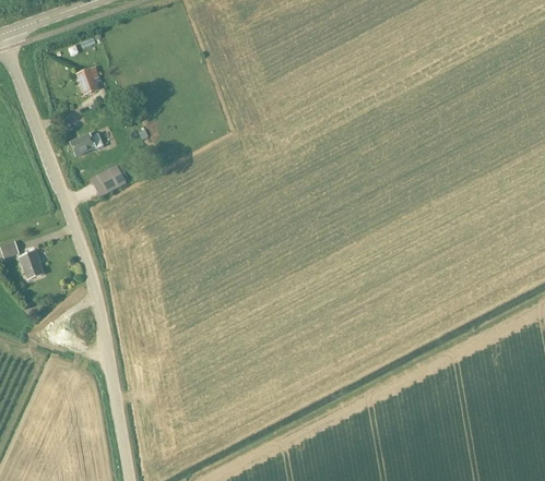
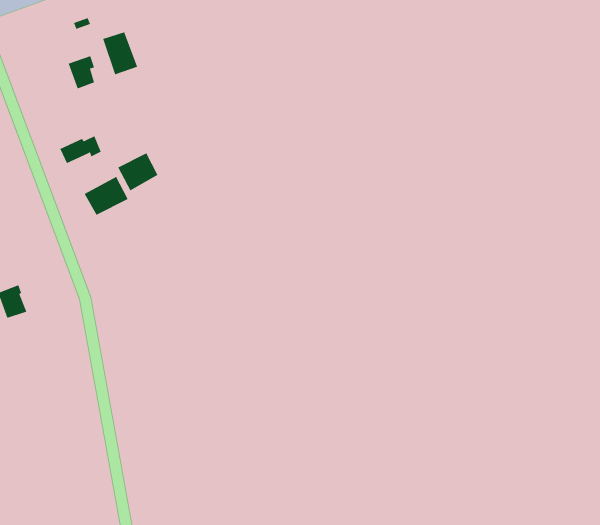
building: none -> [102,31,138,75]
building: none -> [118,152,158,191]

